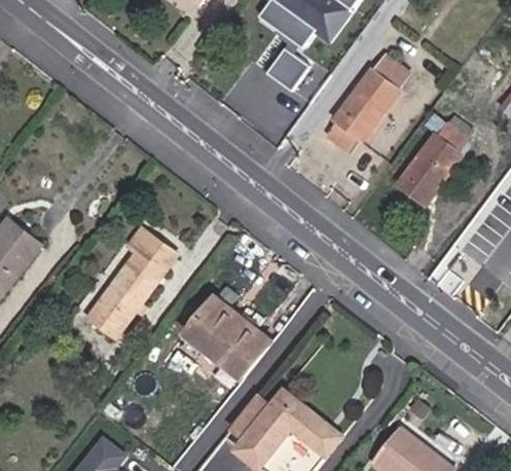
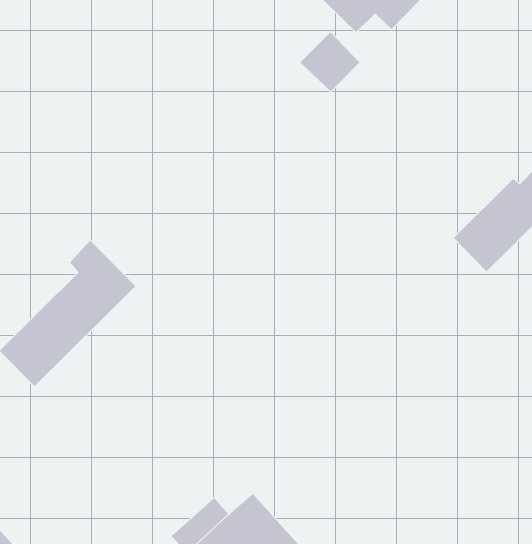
building: [326,55,408,152] -> none
building: [186,300,267,377] -> none

